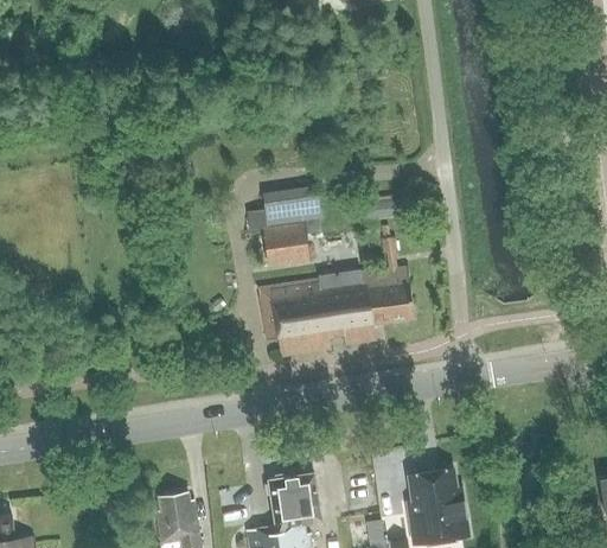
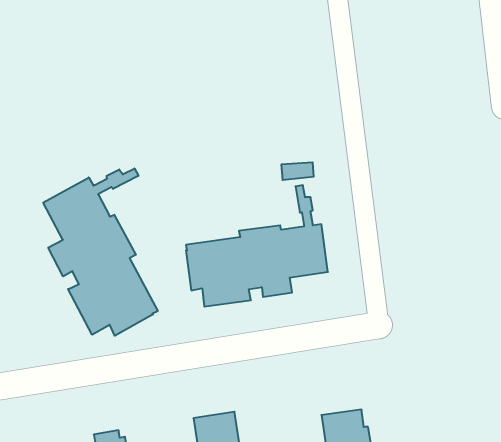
building: [262,184,322,269] -> none
building: none -> [43,168,158,336]

